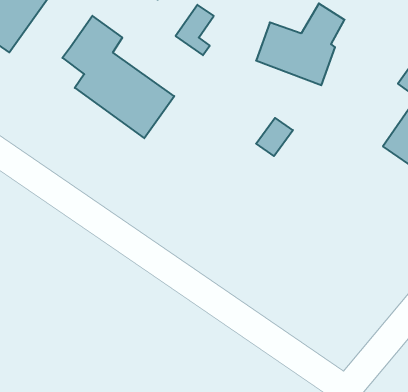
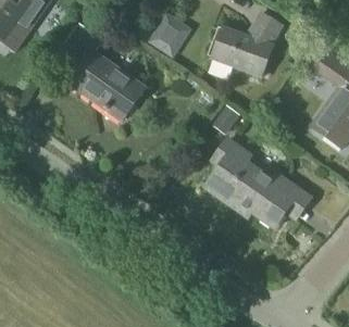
building: none -> [207,134,301,225]

